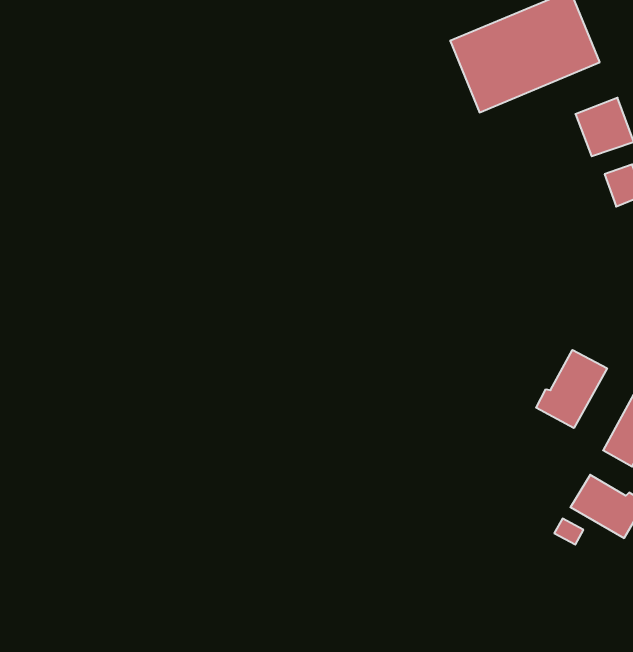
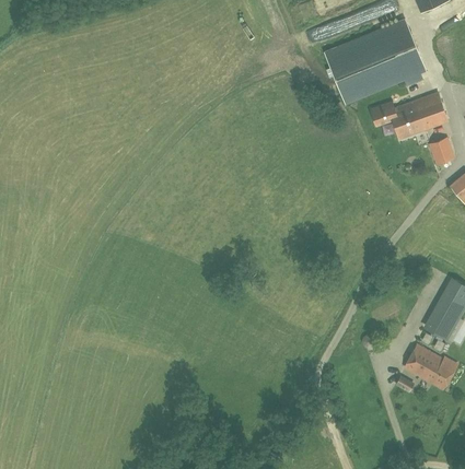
building: none -> [370,102,419,139]
building: [536,350,607,428] -> none

